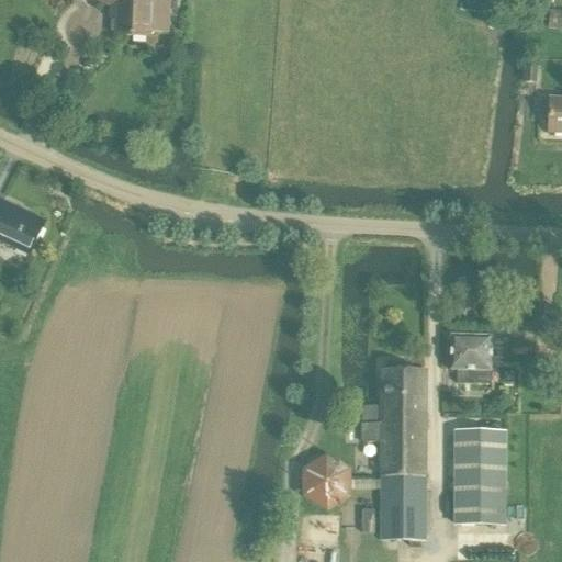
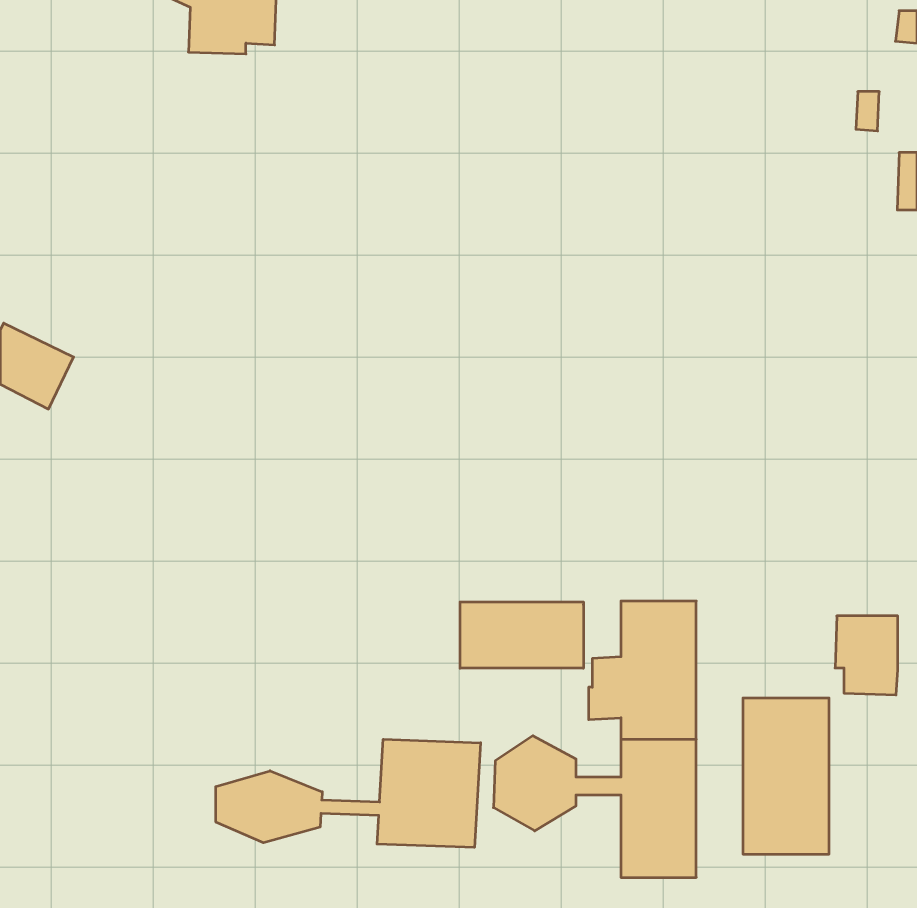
building: [452,334,491,382] -> [835,616,898,695]
building: none -> [460,602,583,668]
building: none -> [216,739,481,847]

